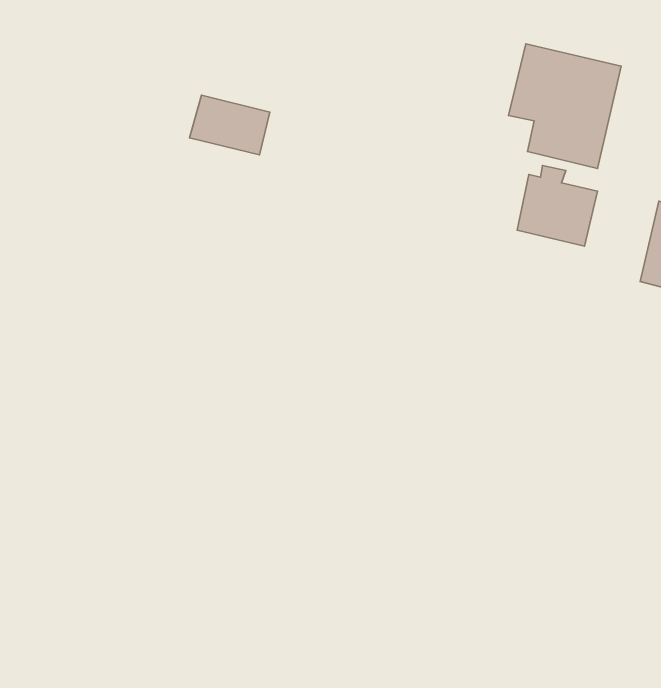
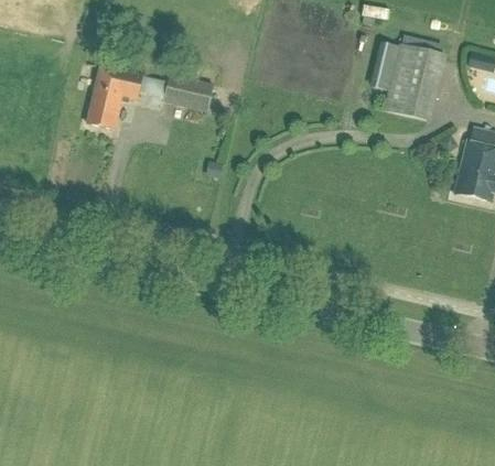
building: none -> [88,65,142,128]
building: [517,165,597,246] -> none

